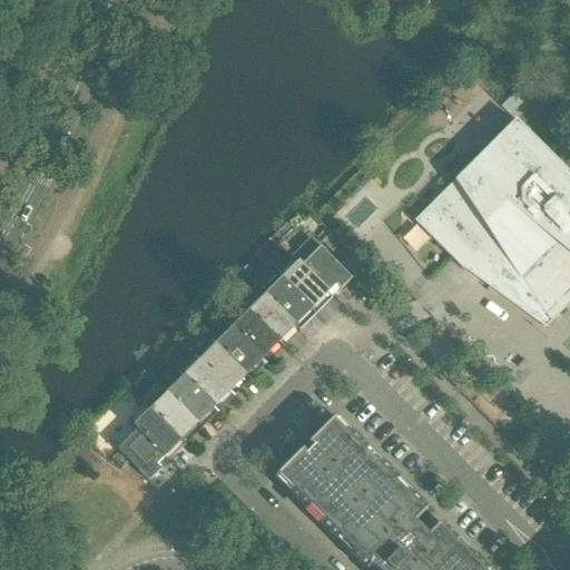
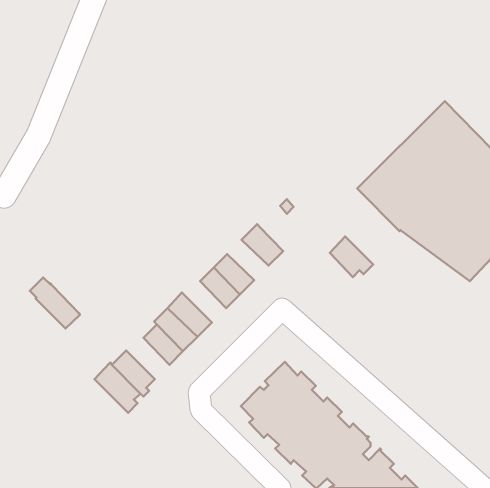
building: [303,244,353,291] -> [330,237,373,277]
building: [265,277,313,324] -> none
building: [212,321,264,373] -> none
building: [141,381,199,440] -> [30,277,80,328]

